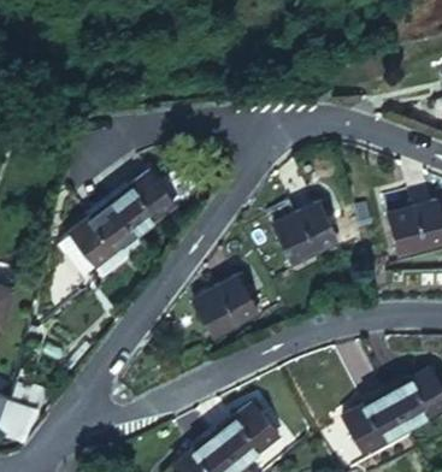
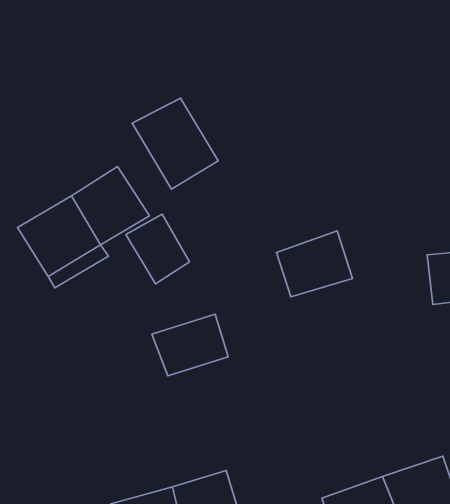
building: none -> [132,98,218,189]
building: none -> [126,214,189,284]

